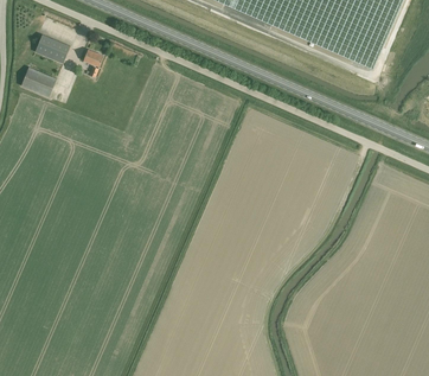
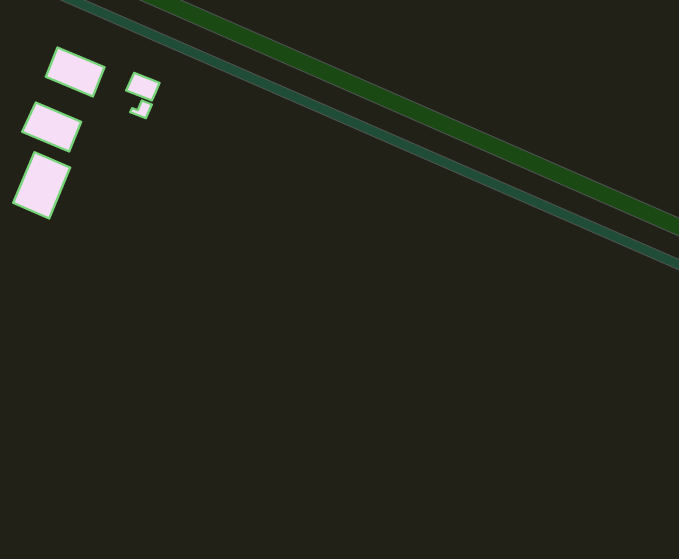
building: none -> [13,152,70,218]

